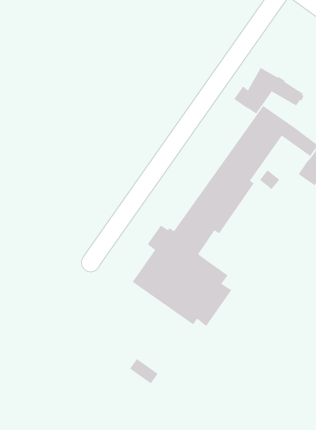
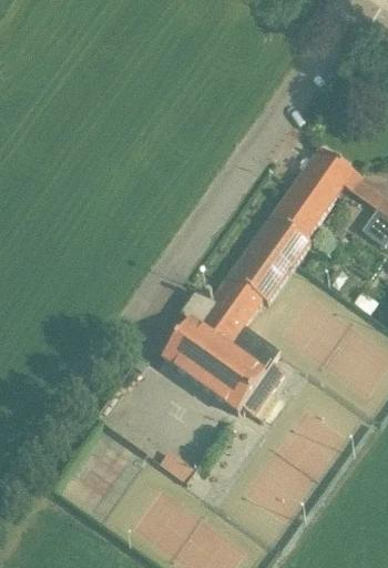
building: [233,67,304,115] -> none

